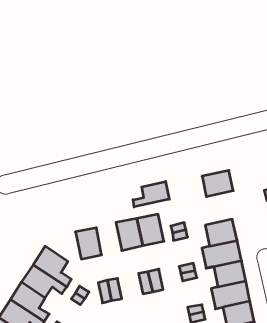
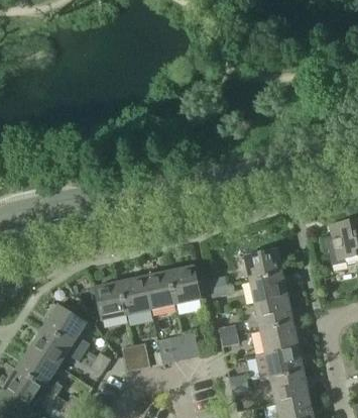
building: [202,170,233,197] -> [244,248,281,280]
building: [133,181,169,207] -> none
building: none -> [119,277,149,315]

